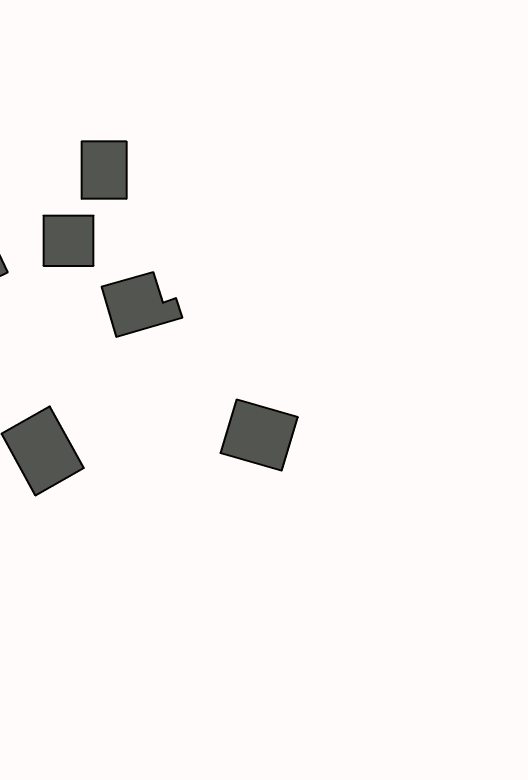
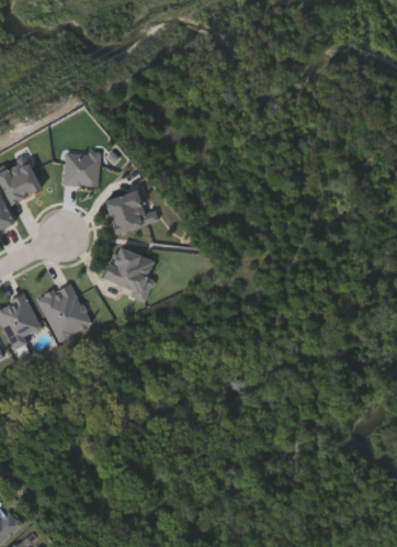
building: [82,141,126,199] -> none
building: [220,400,298,471] -> [104,247,157,295]

